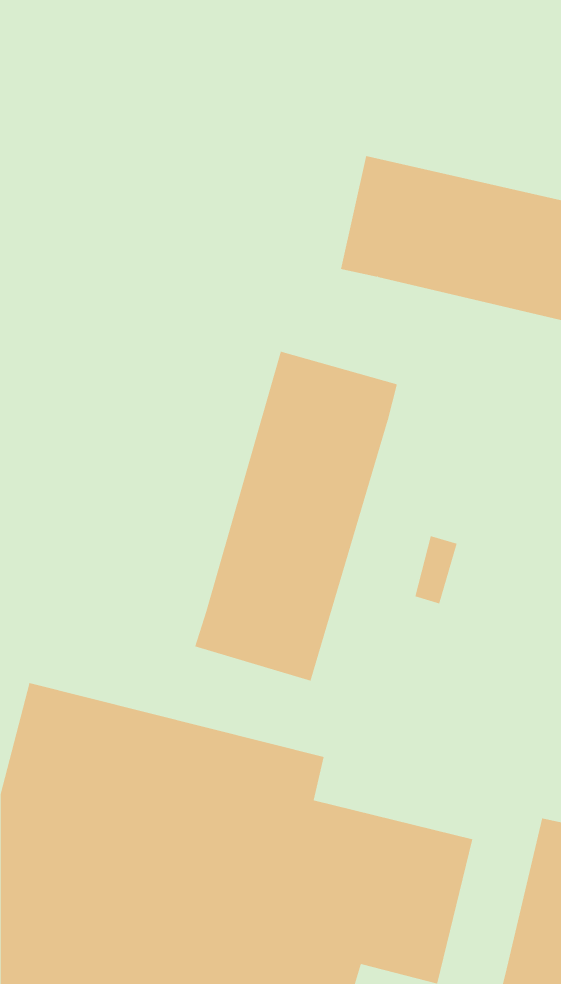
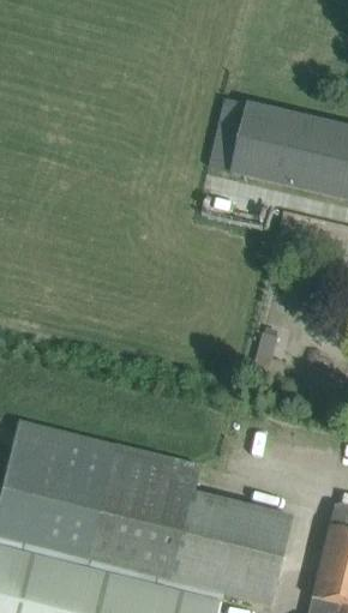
building: [195,351,398,682] -> none

